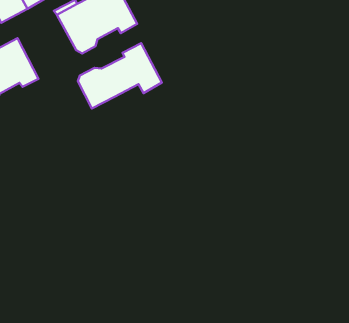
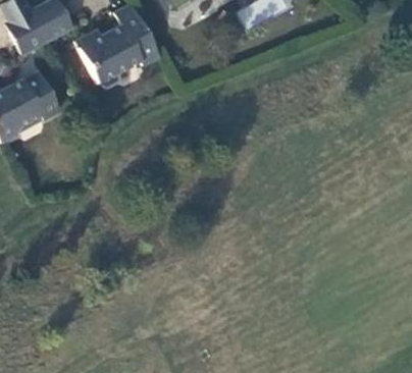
building: [78,43,162,109] -> none

